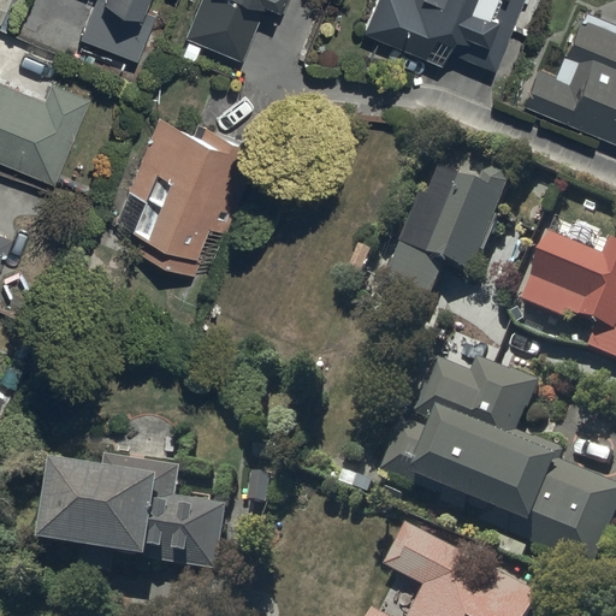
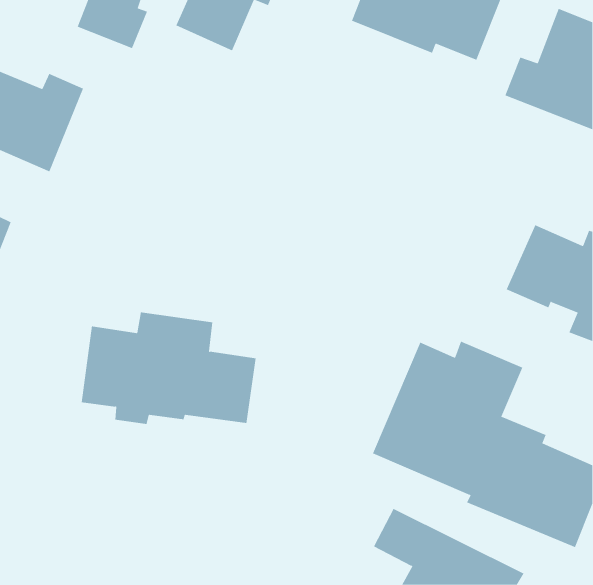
building: [116,108,259,267] -> none
building: [385,168,504,304] -> none
building: [45,455,226,571] -> [81,312,256,425]

